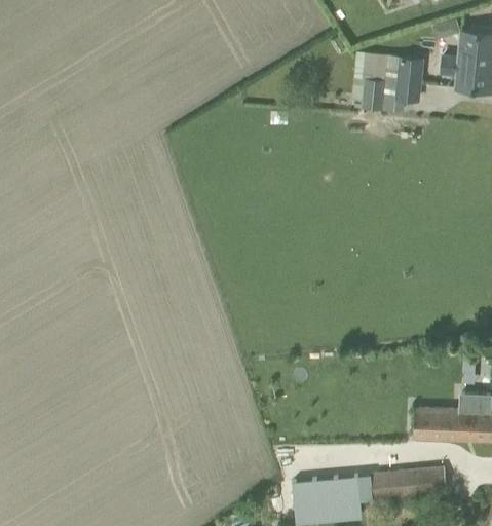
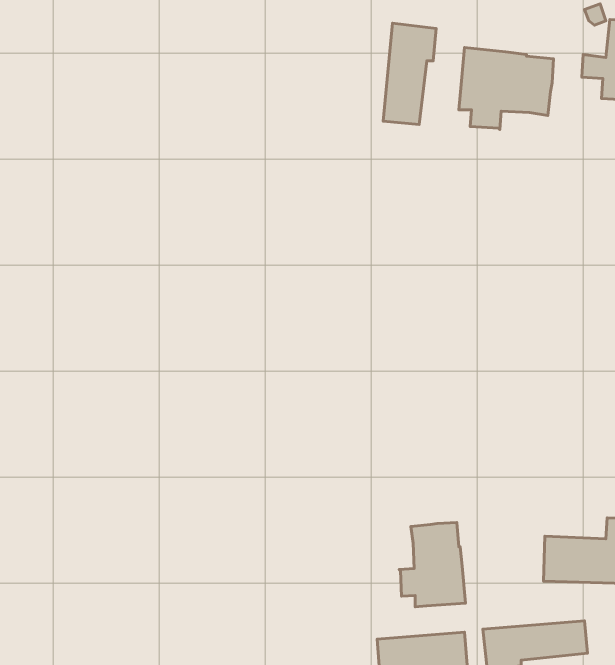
building: none -> [383,23,436,125]
building: none -> [399,523,465,607]

